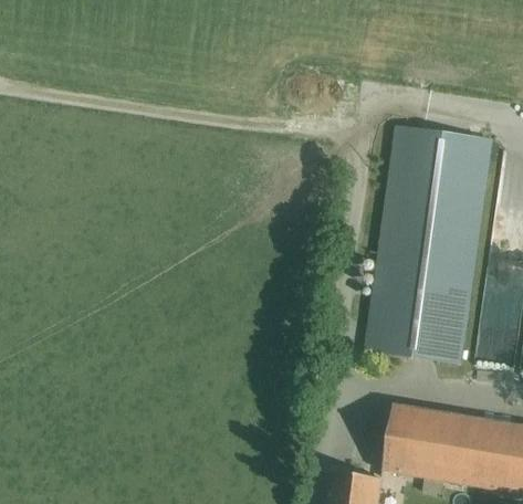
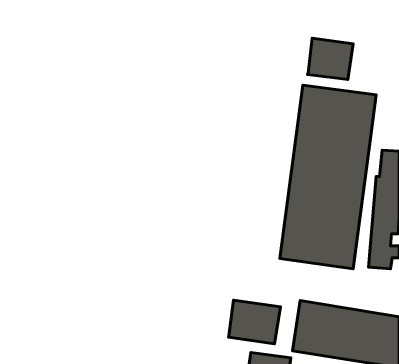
building: none -> [308,38,353,80]
building: none -> [228,300,280,344]

